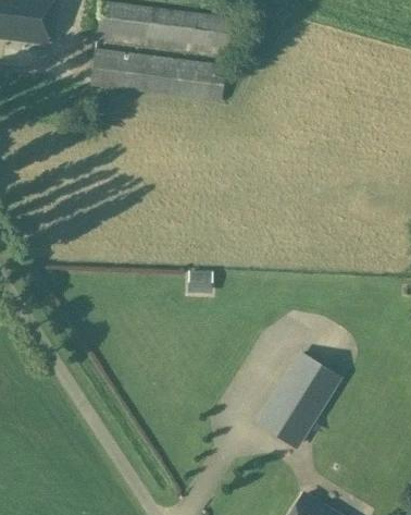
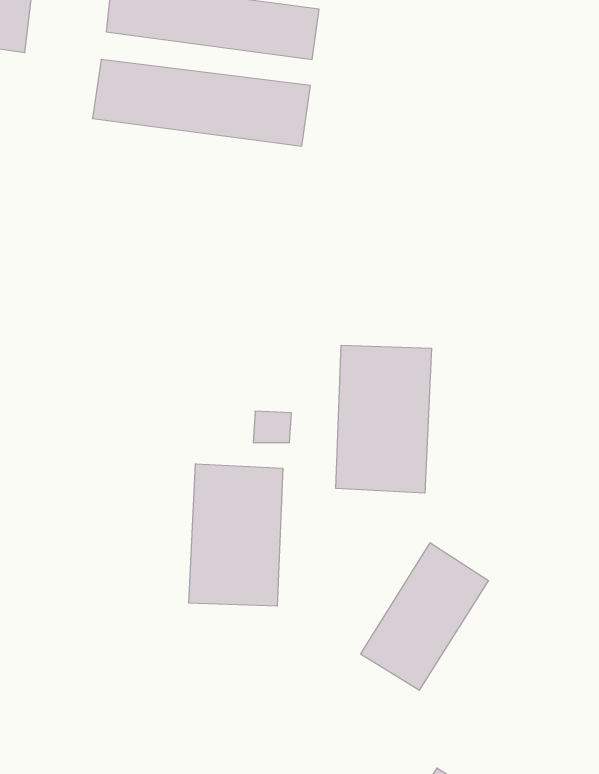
building: none -> [336,345,432,493]
building: none -> [189,464,283,606]

